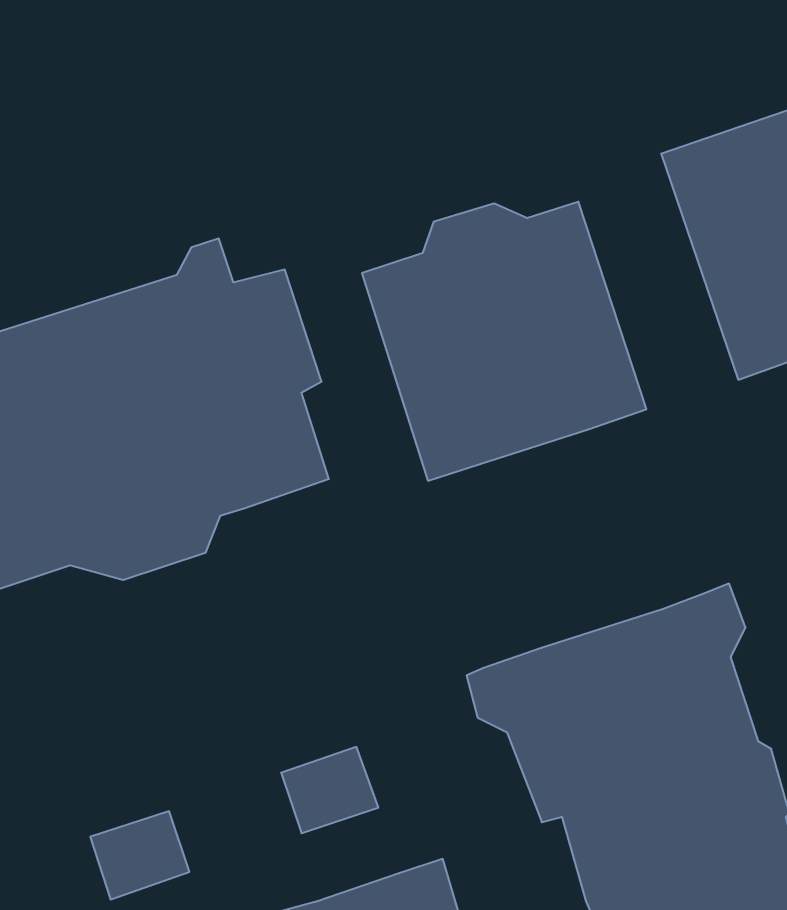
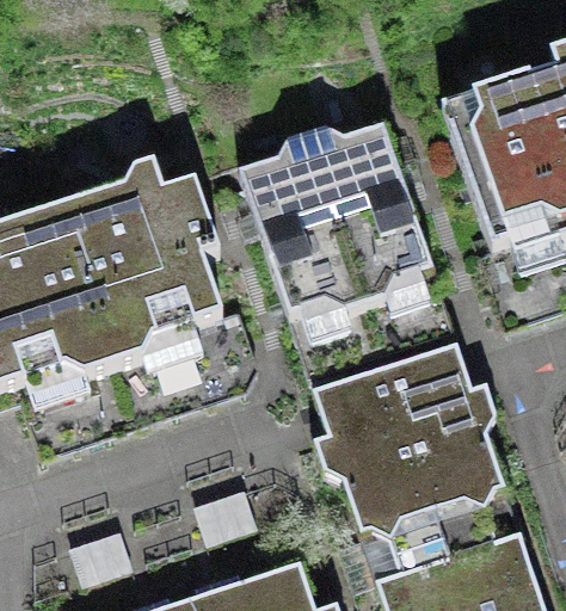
building: none -> [310,340,468,434]

